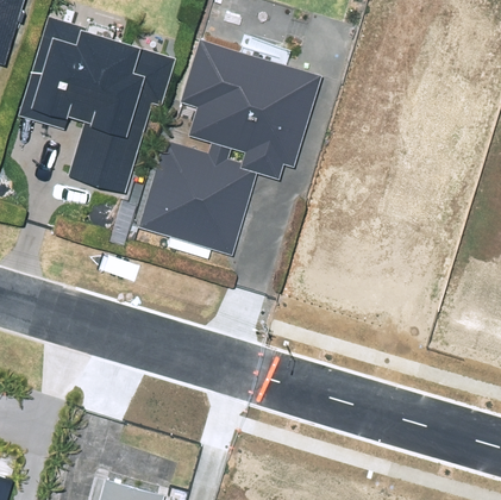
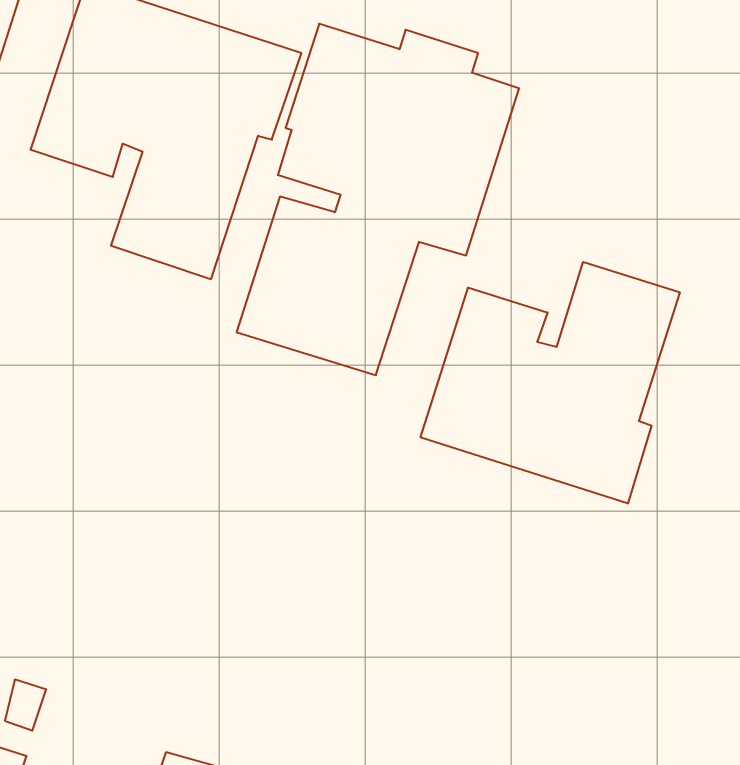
building: none -> [421,262,680,504]

